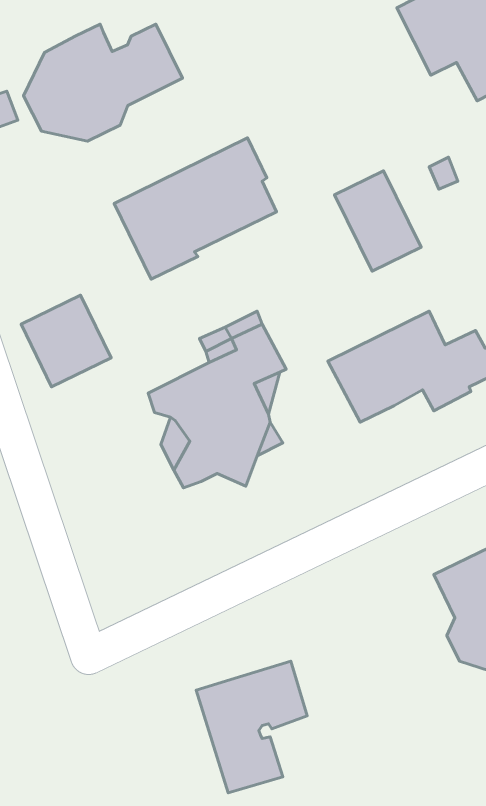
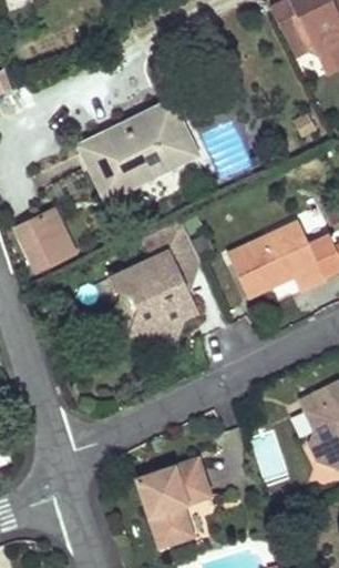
building: [24,24,182,141] -> none
building: [335,171,421,271] -> none

